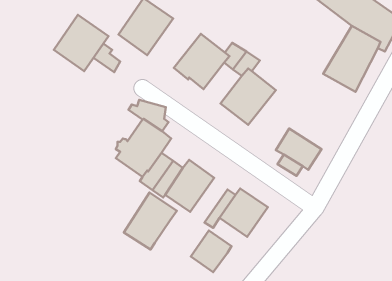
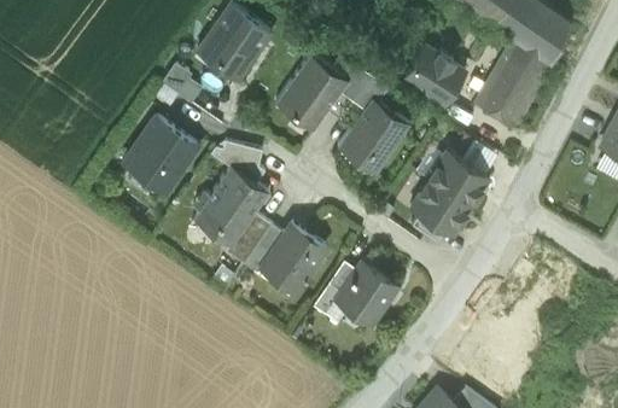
building: [54,15,108,71] -> [124,116,198,192]
building: none -> [404,48,465,105]
building: none -> [427,151,489,208]
building: [124,193,177,250] -> none
building: [191,231,232,272] -> none

